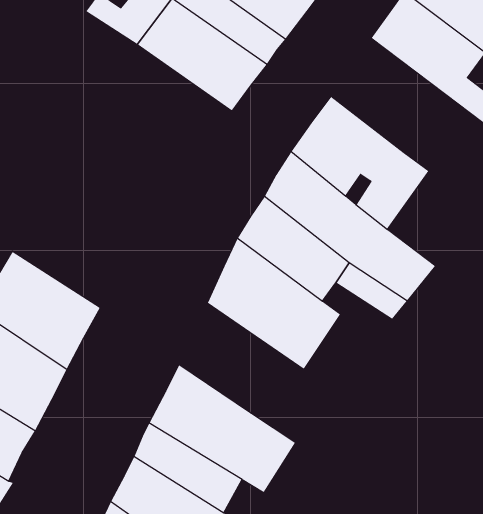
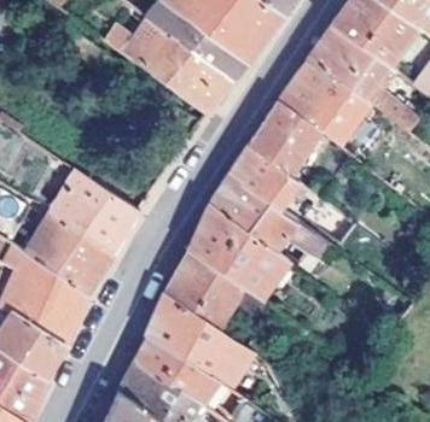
building: none -> [280,58,364,141]
building: none -> [50,170,140,253]
building: none -> [170,250,277,329]

